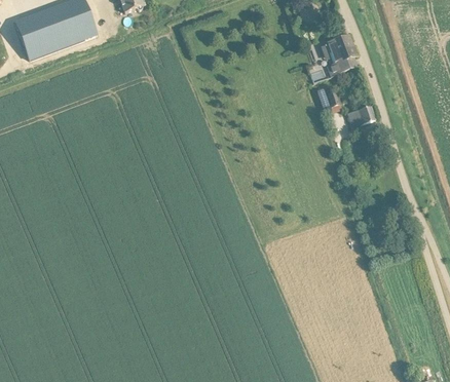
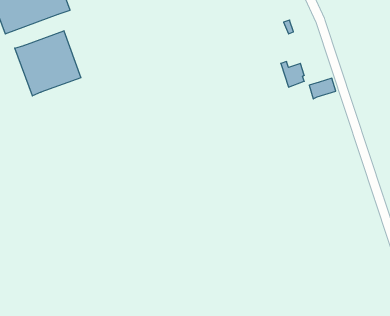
building: [327,34,357,75] -> none
building: none -> [15,31,81,96]

